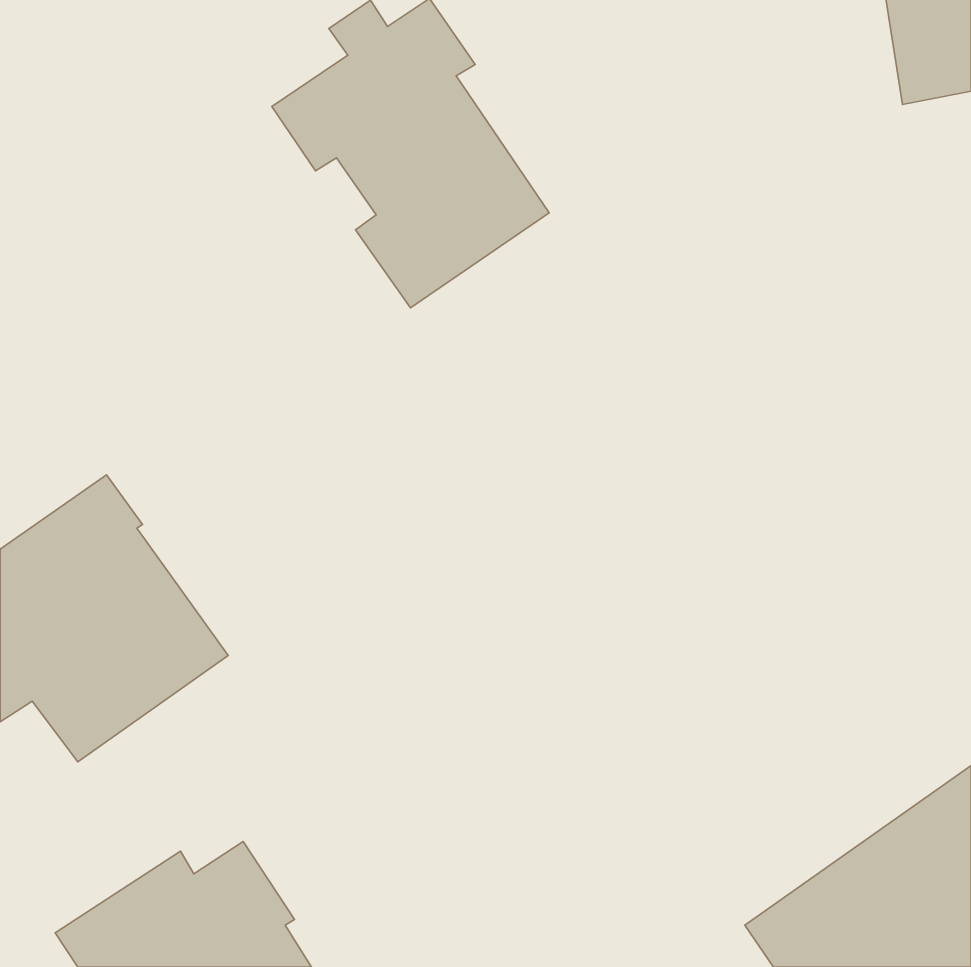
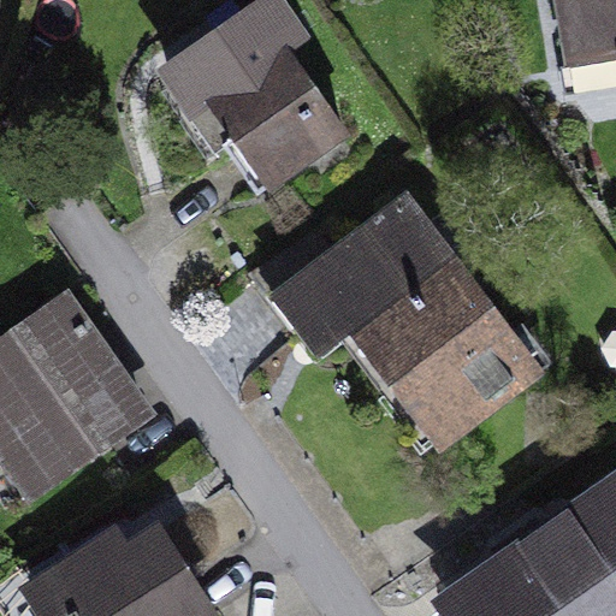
building: none -> [250,211,531,450]

